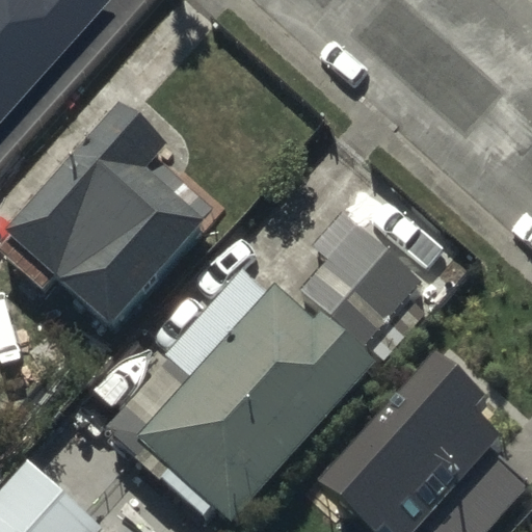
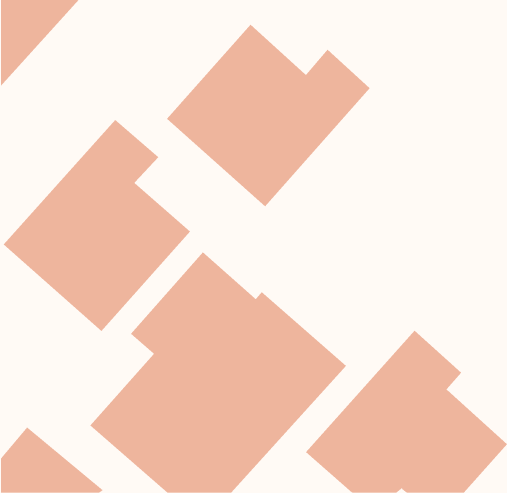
building: none -> [166,24,370,207]
building: [302,211,427,353] -> none

